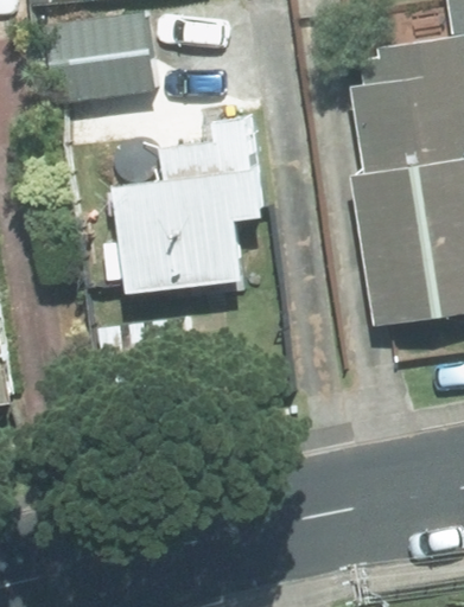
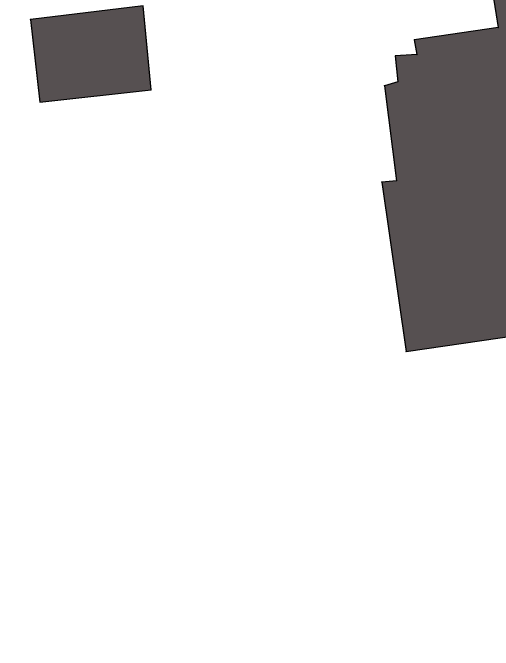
building: [114,119,260,307] -> none

